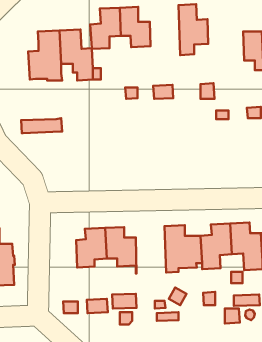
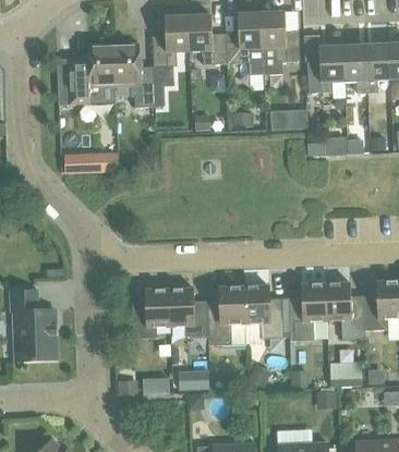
building: none -> [225,12,263,74]
building: none -> [305,45,342,93]
building: none -> [207,286,244,345]

